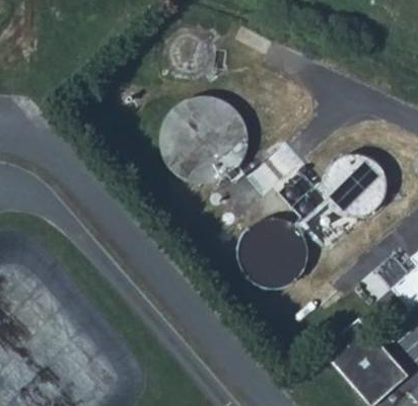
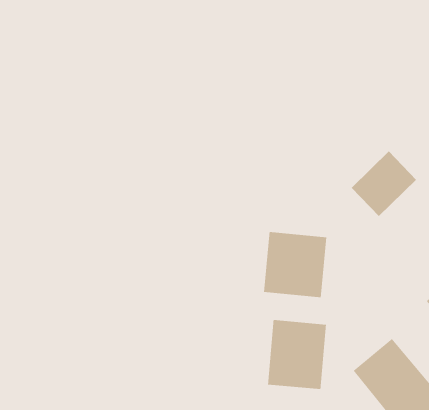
building: [154,92,241,192] -> none
building: none -> [267,319,327,390]

